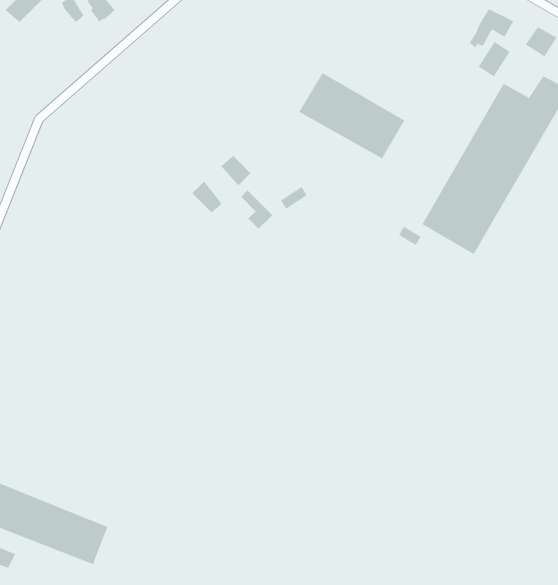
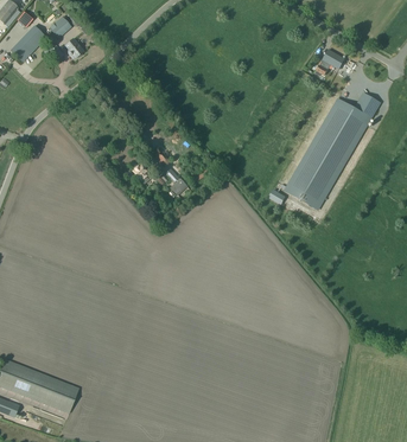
building: [298,72,405,159] -> none

